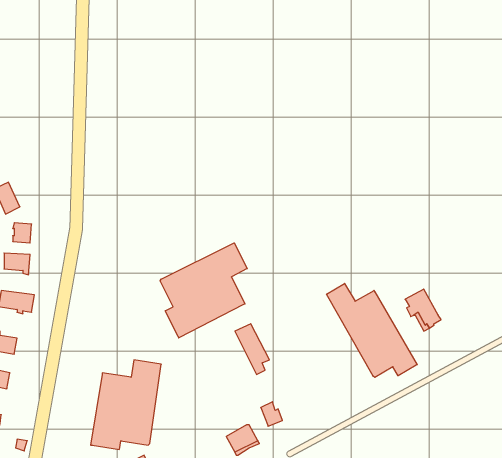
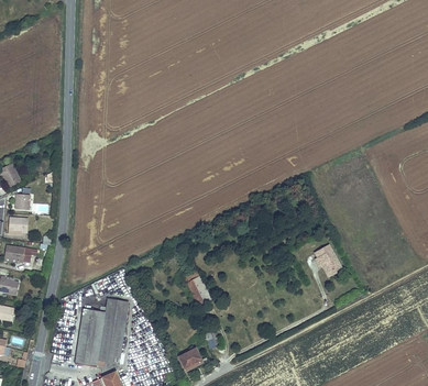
building: [160,243,247,338] -> none
building: [327,283,417,377] -> none

